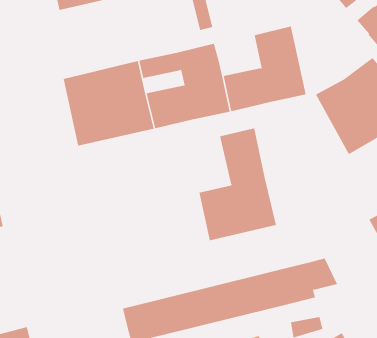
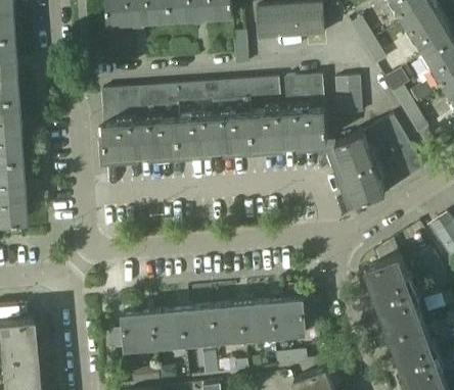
building: none -> [334,77,363,115]
building: none -> [247,79,279,98]
building: [199,127,277,241] -> none

